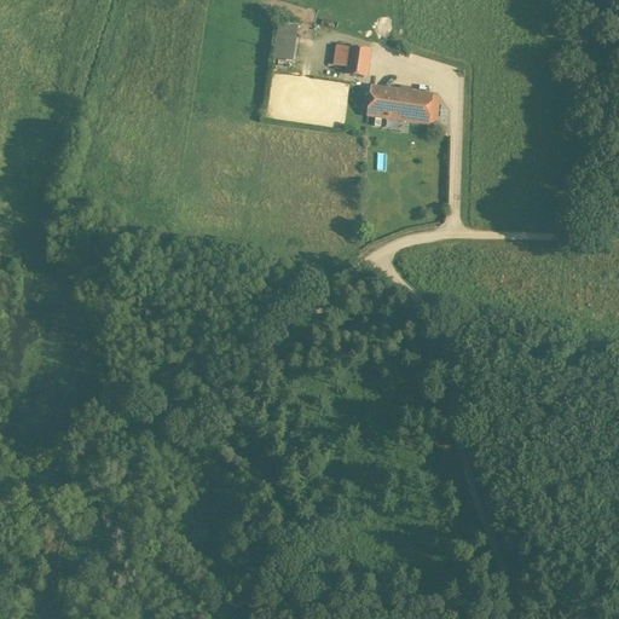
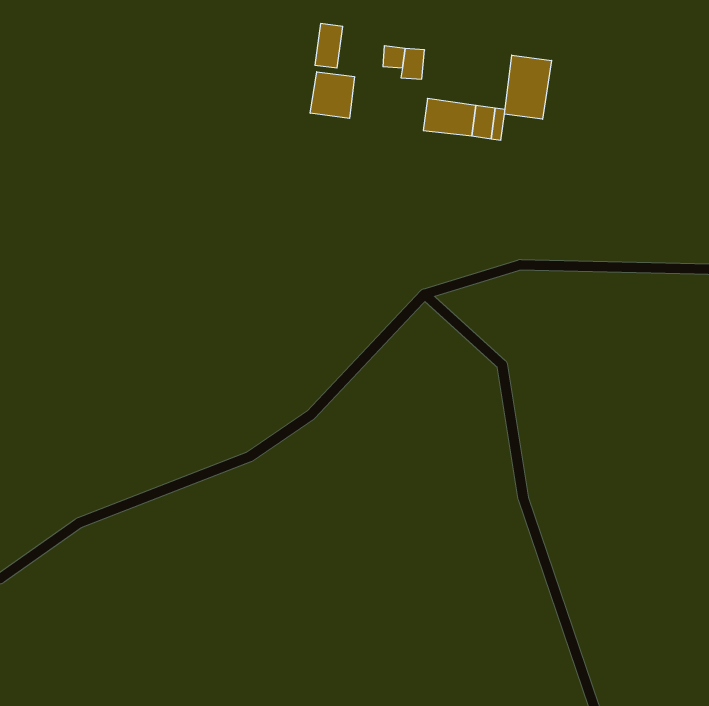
building: none -> [504,55,552,119]
building: none -> [310,72,354,118]

